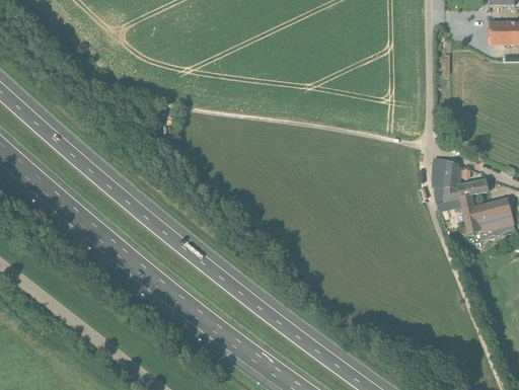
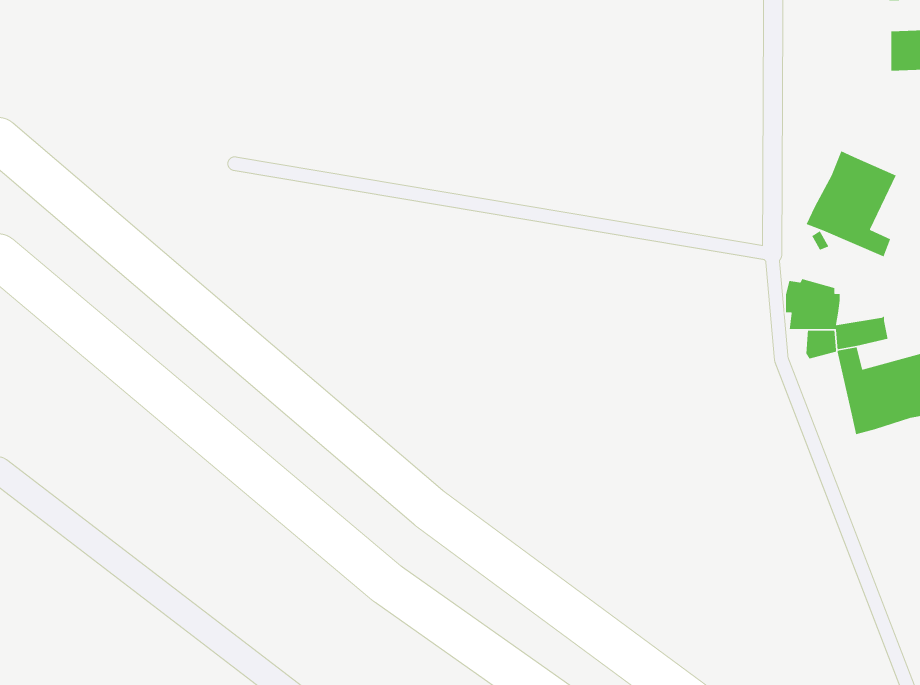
building: none -> [806,150,897,257]

